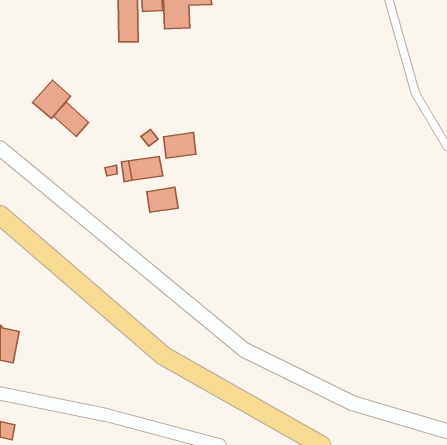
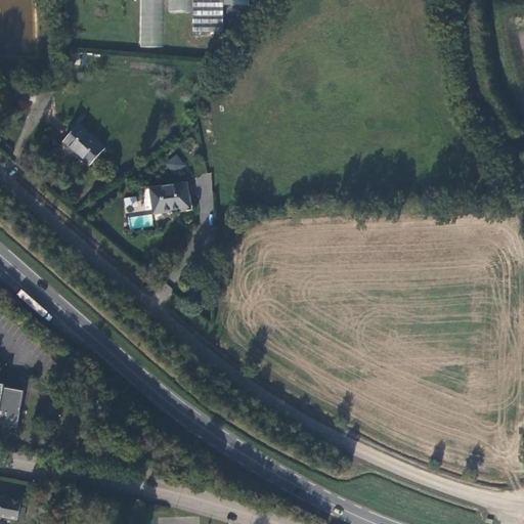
building: [33,80,70,118] -> none
building: [164,132,196,158] -> none
building: [147,187,178,212] -> none

